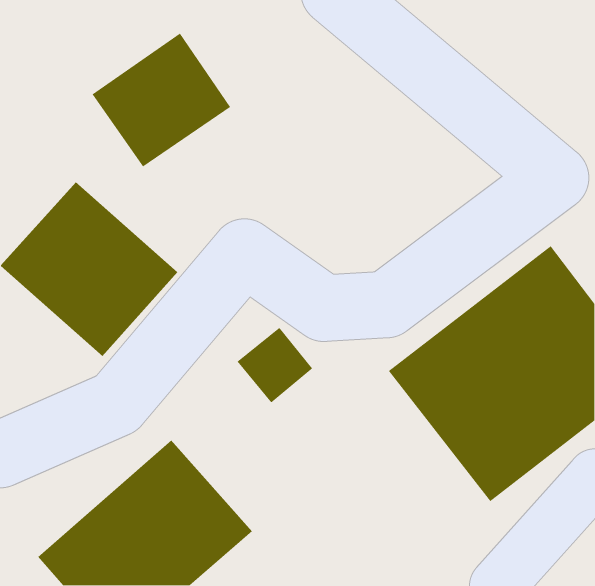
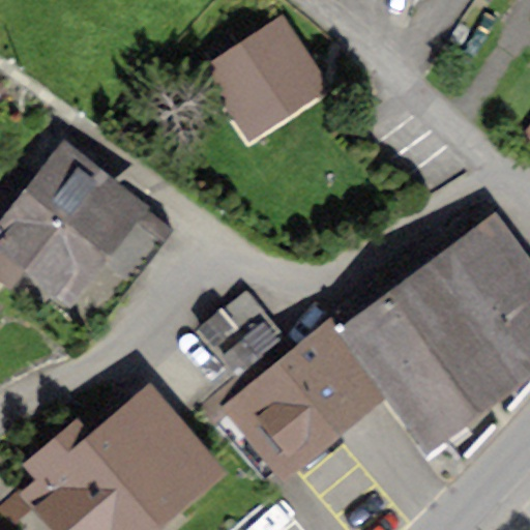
building: [92,33,231,168] -> [202,17,326,137]
building: none -> [220,315,376,465]

